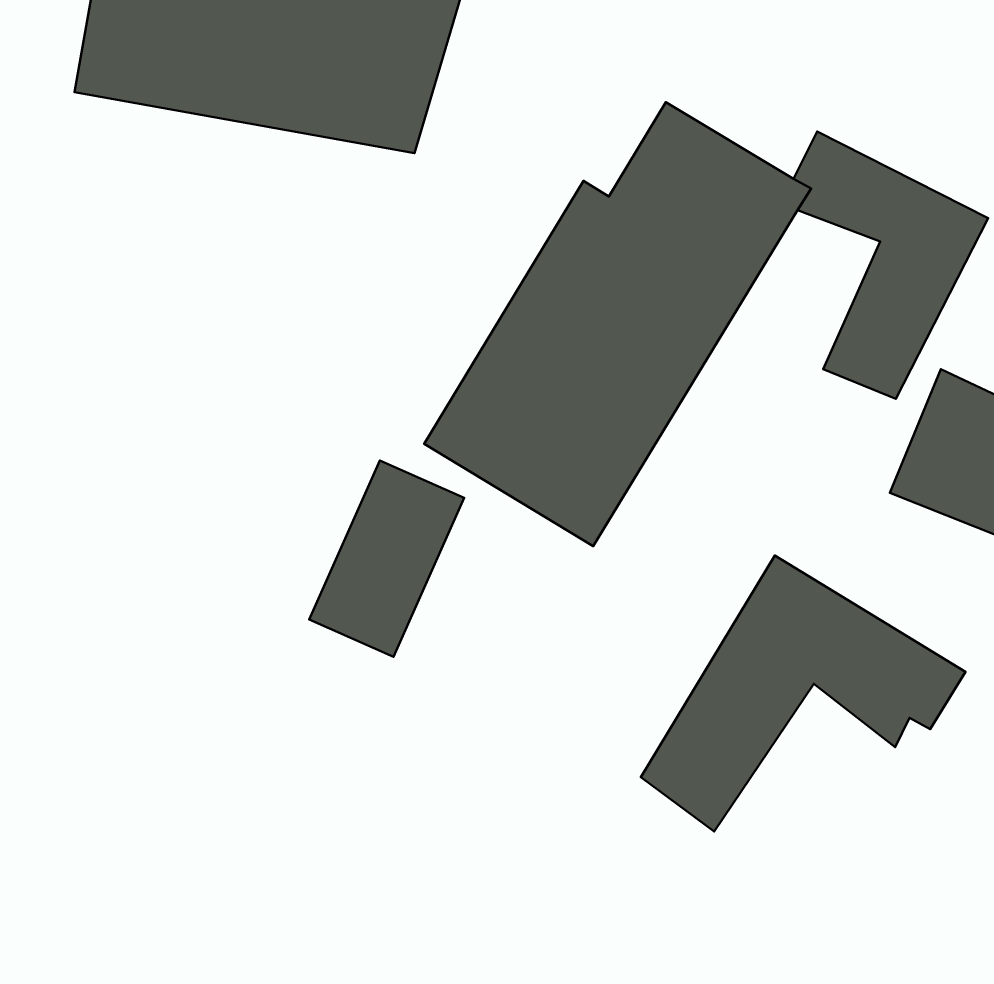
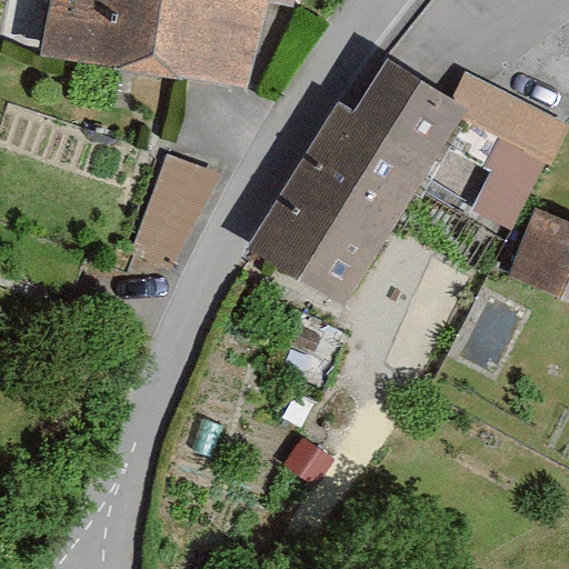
building: [309,460,464,657] -> [138,138,226,249]
building: [641,556,965,832] -> none

